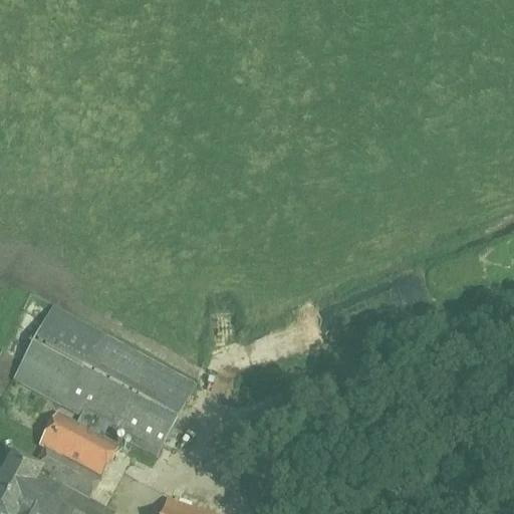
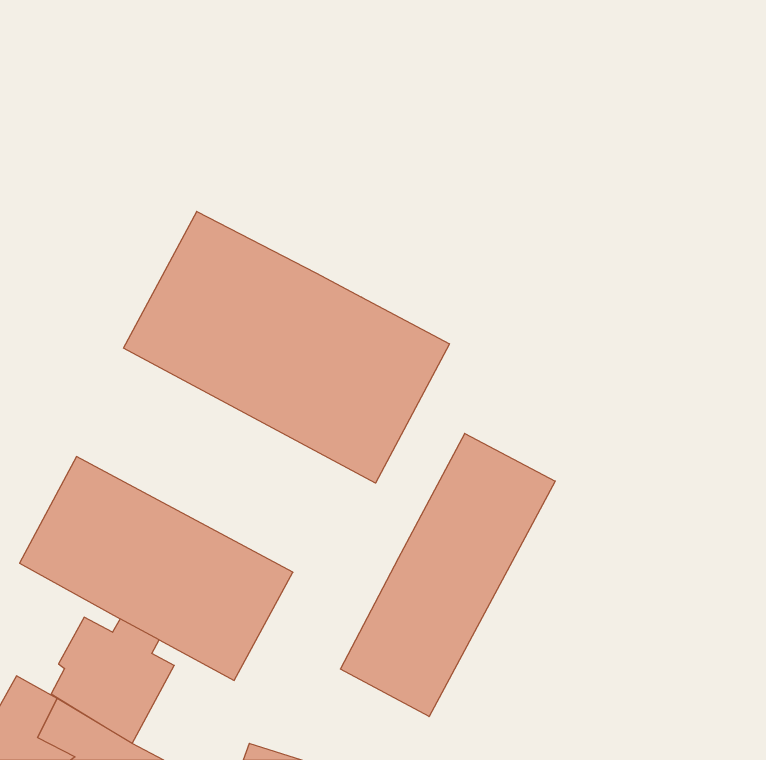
building: none -> [124,211,449,483]
building: none -> [340,433,555,717]

